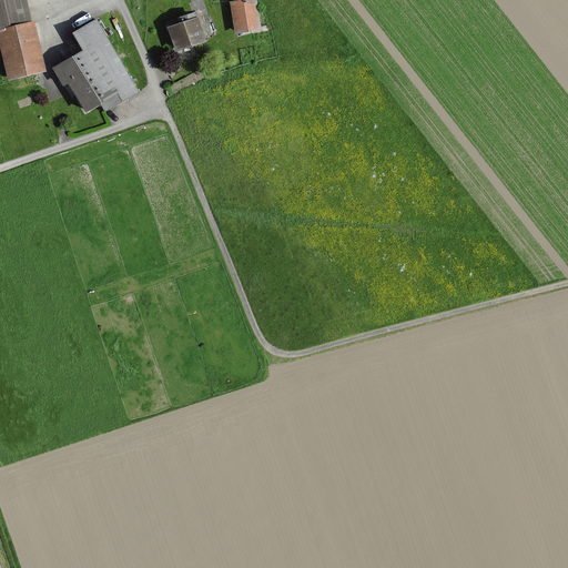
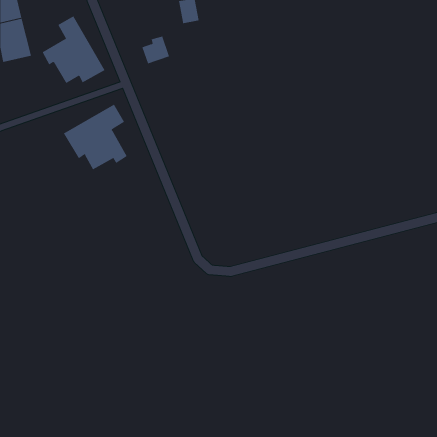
building: [168,12,204,49] -> [141,36,170,64]
building: none -> [63,104,128,170]

